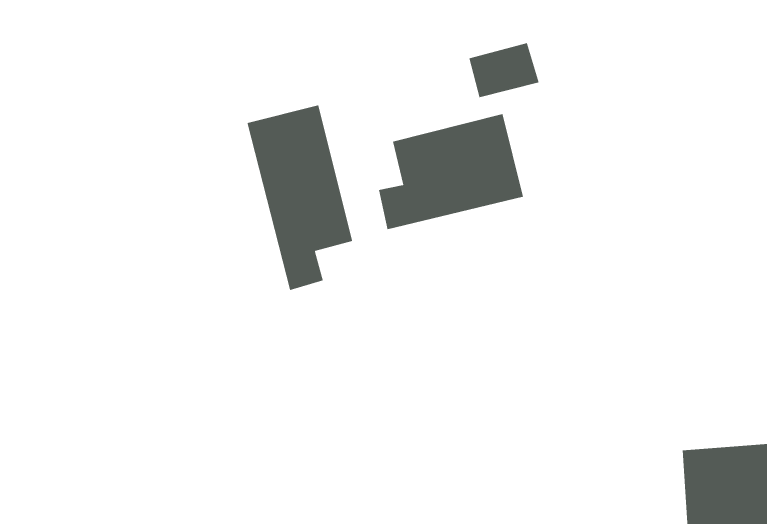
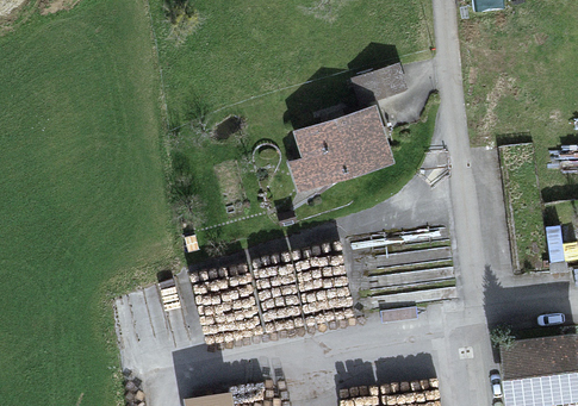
building: [247,105,353,291] -> none

